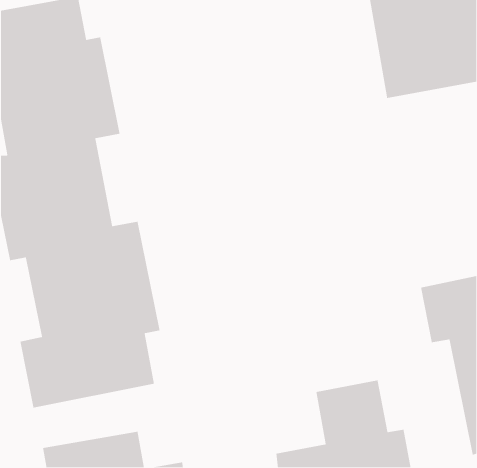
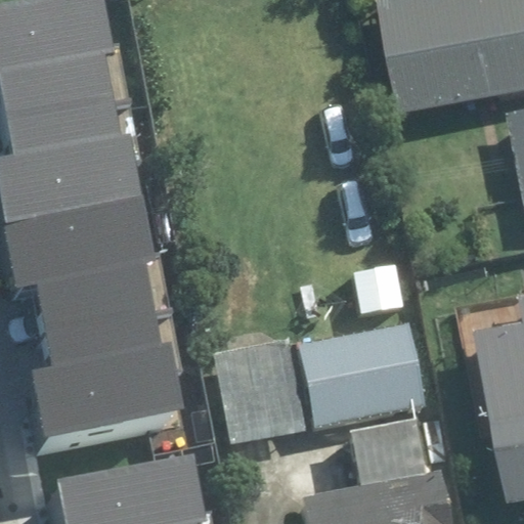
building: none -> [221,324,431,471]

